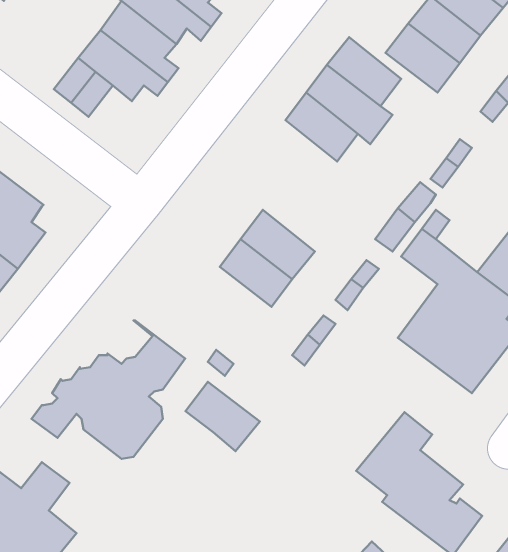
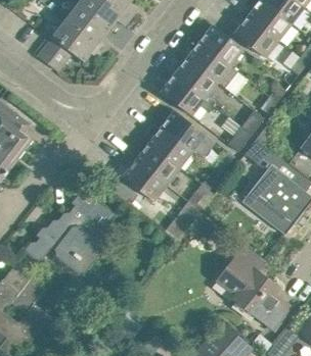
building: none -> [160,73,214,115]
building: none -> [161,110,205,151]
building: [185,382,260,451] -> [122,160,166,201]

